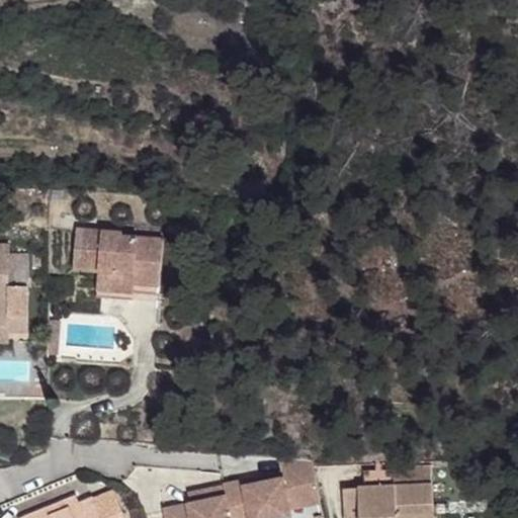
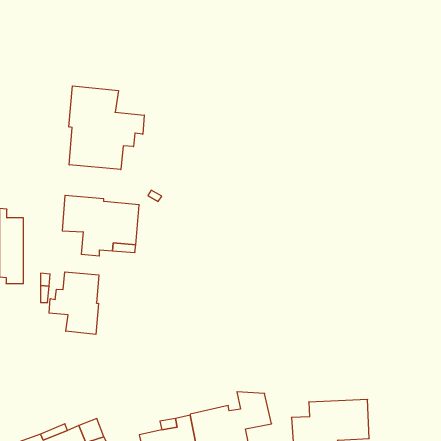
building: none -> [69,86,144,170]
building: none -> [49,272,99,334]

